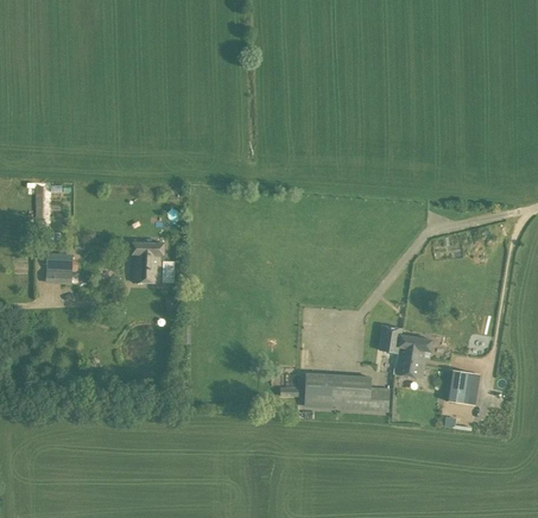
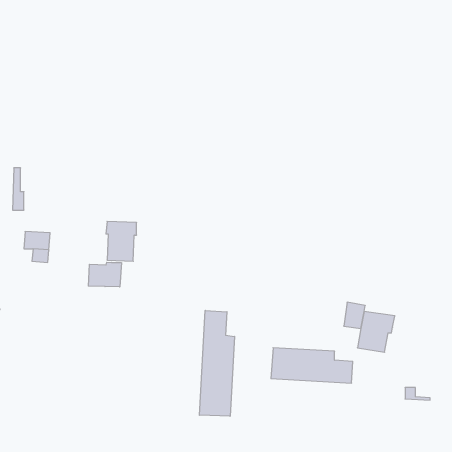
building: none -> [88,262,121,287]
building: none -> [199,310,235,416]
building: [444,369,471,403] -> none

